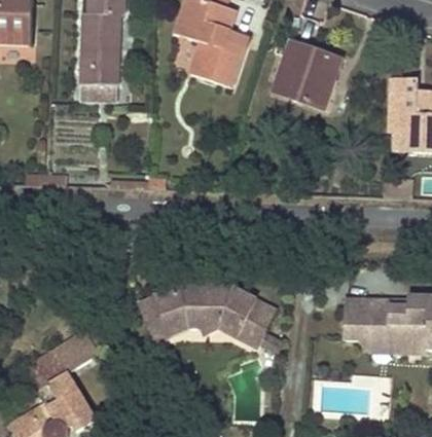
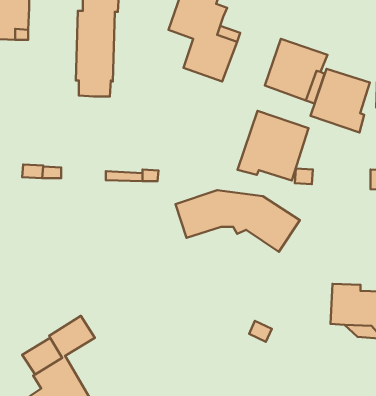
building: none -> [310,69,370,133]
building: none -> [238,111,309,180]
building: [141,290,269,354] -> [175,190,300,252]

